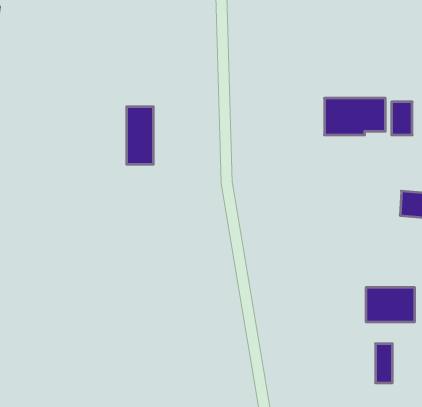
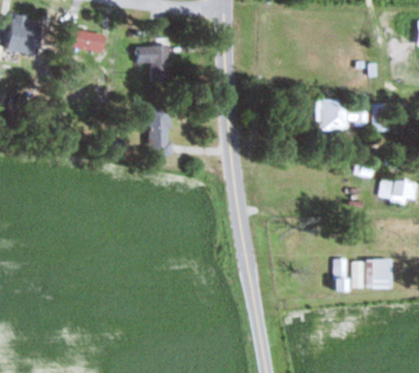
building: none -> [67,31,105,50]
building: none -> [135,46,170,82]
building: [375,344,392,383] -> [334,259,348,292]

